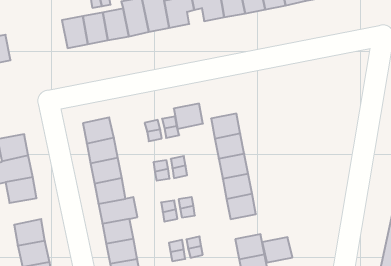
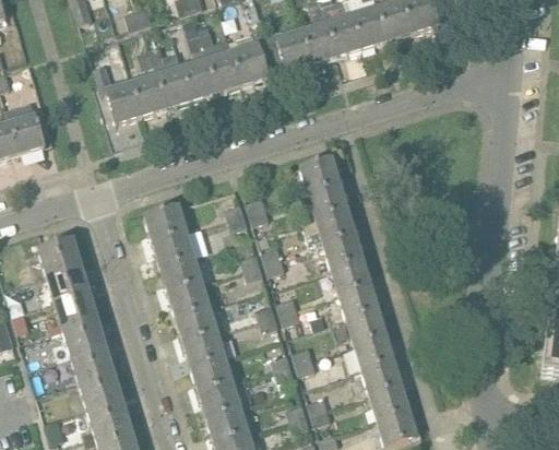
building: [174,104,203,129] -> [300,158,340,193]
building: none -> [62,318,105,355]
building: [262,237,292,262] -> [346,309,386,344]

